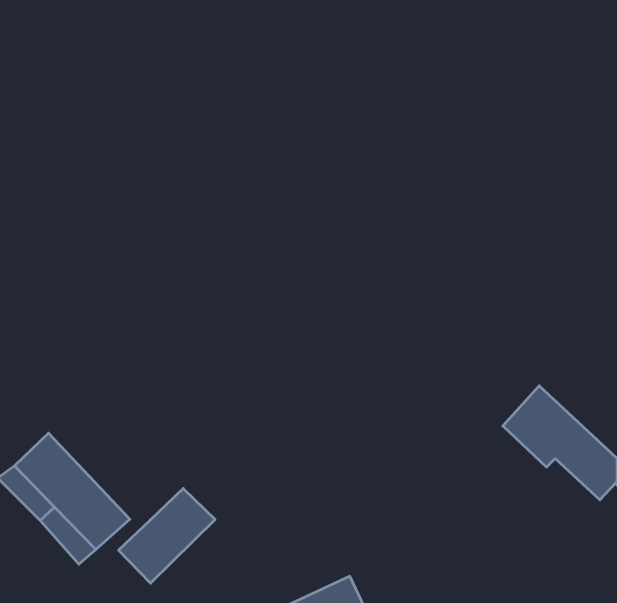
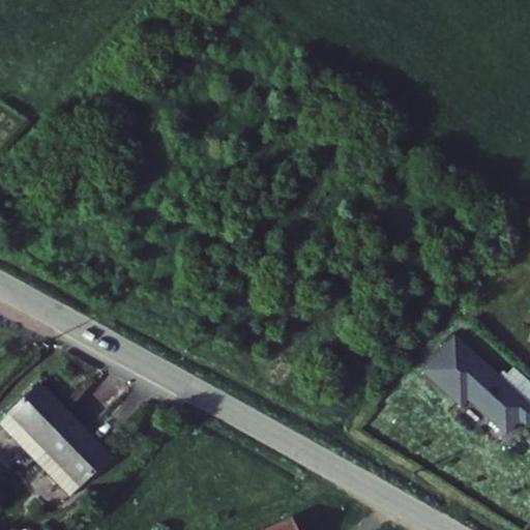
building: [119,488,215,583] -> none

